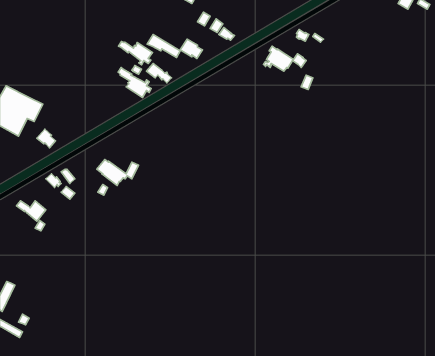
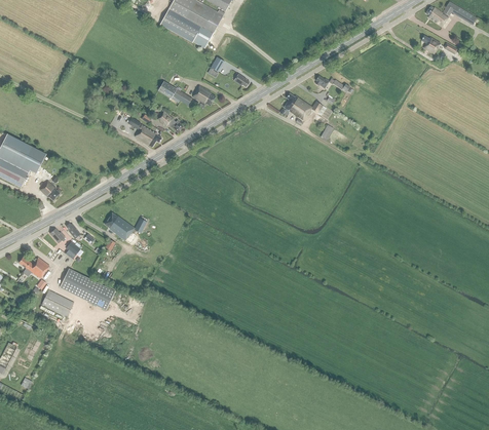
building: [118,42,153,65] -> none
building: none -> [60,268,115,309]
building: none -> [41,289,74,316]

